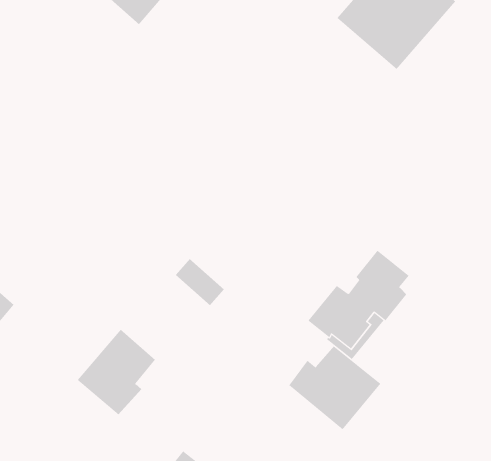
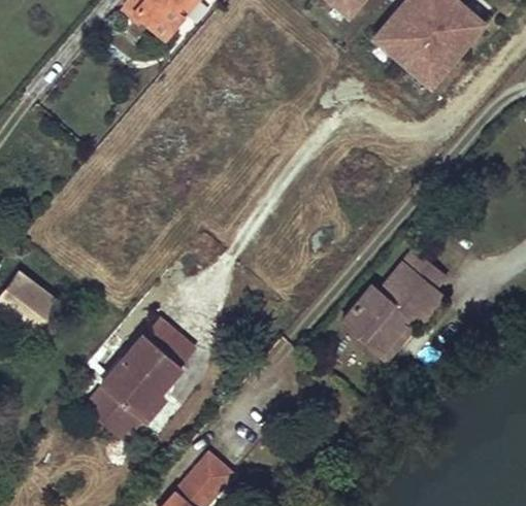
building: [175,258,225,306] -> [149,318,198,366]
building: [289,345,381,430] -> none
building: none -> [88,385,146,441]

